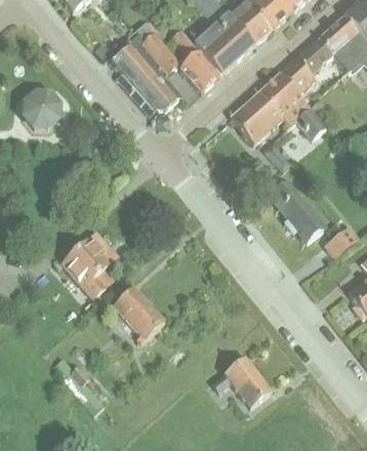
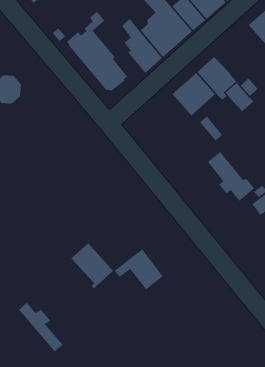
building: [140,32,179,74] -> none
building: [280,37,333,92] -> none
building: [63,233,113,297] -> none
building: [213,359,271,407] -> [114,249,164,290]

